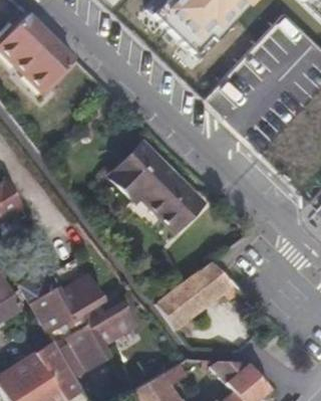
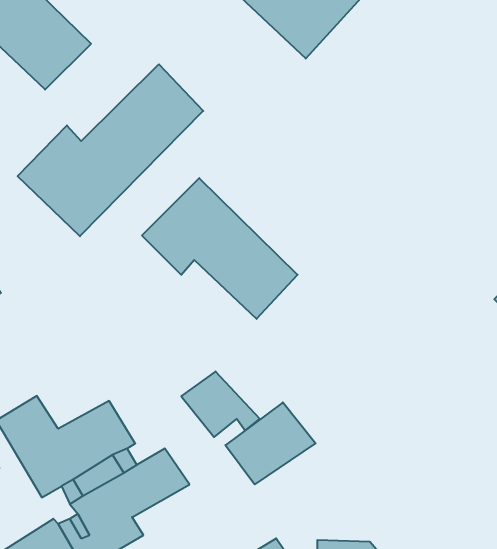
building: none -> [18,64,203,236]
building: [189,256,237,296] -> [181,371,260,437]

